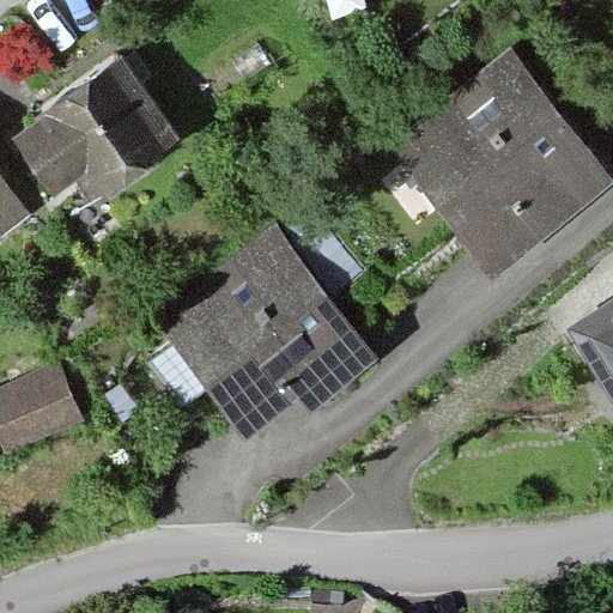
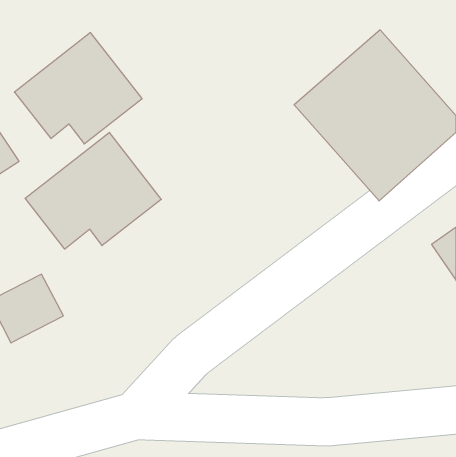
building: none -> [25,132,161,249]
building: [152,230,368,445] -> none

